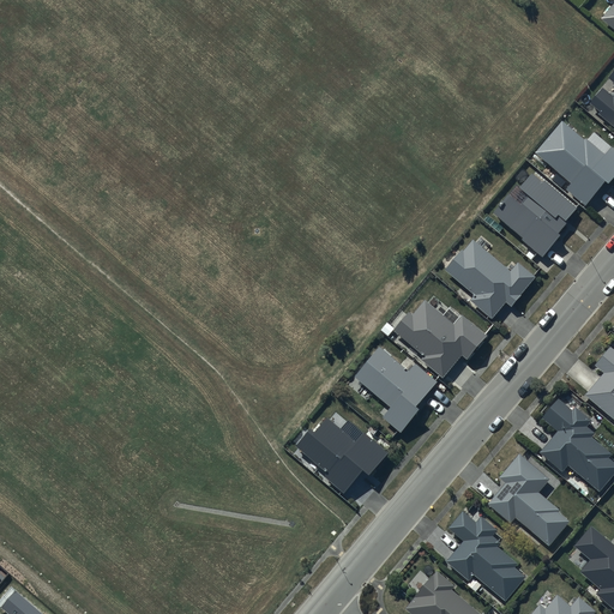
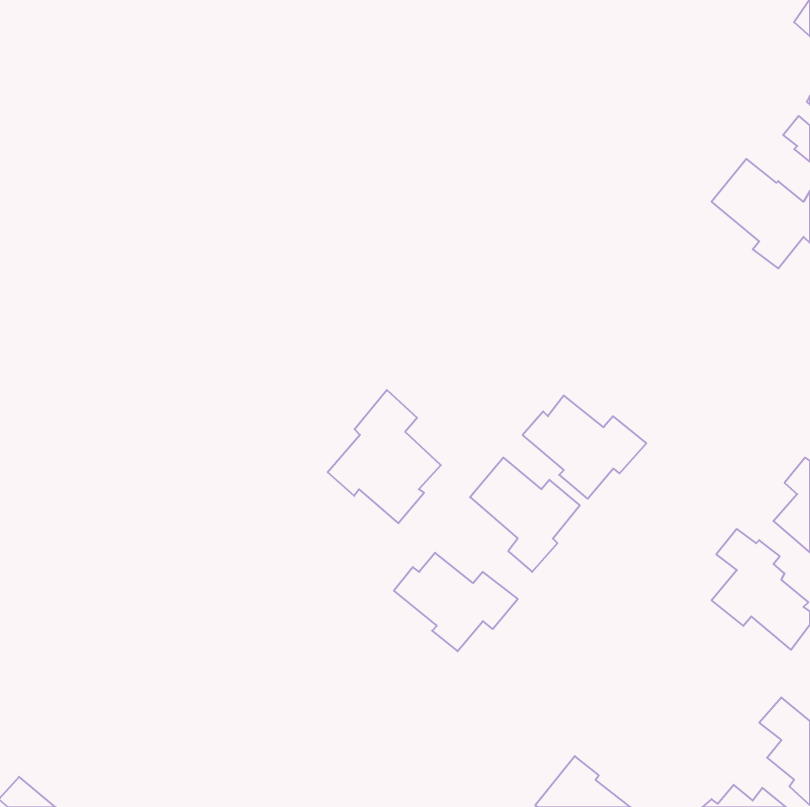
building: [494,173,577,257] -> none
building: [445,239,536,318] -> none
building: none -> [328,390,441,523]
building: [487,453,567,544] -> none
building: [445,511,523,600] -> none

